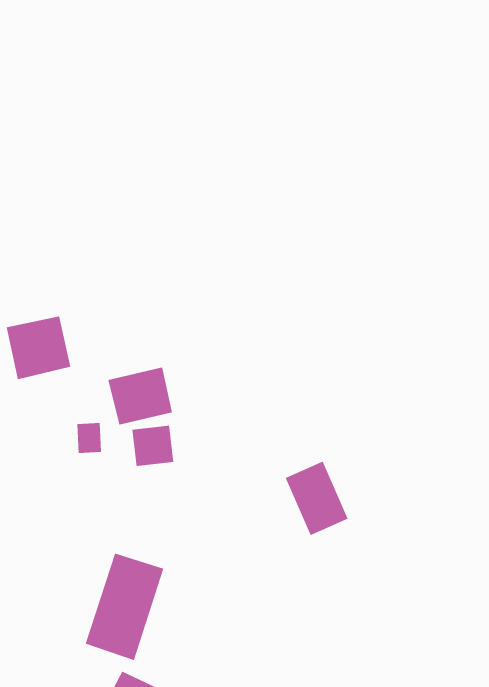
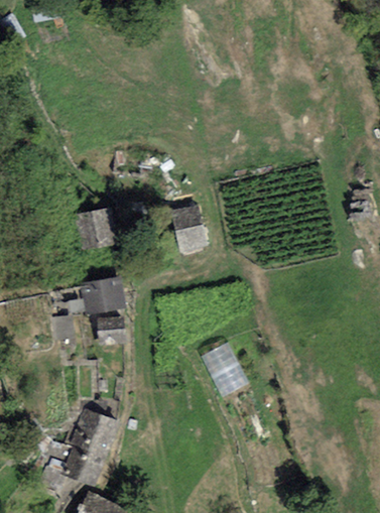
building: none -> [168,205,208,252]
building: [6,316,71,380] -> [72,206,118,251]

